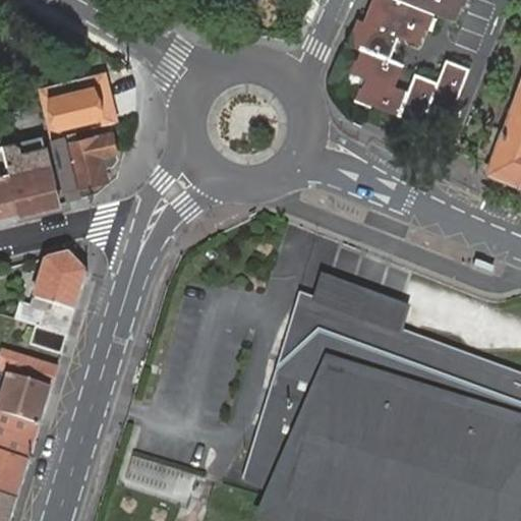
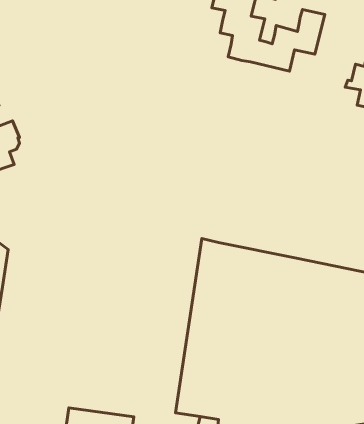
building: [316,278,405,329] -> none

